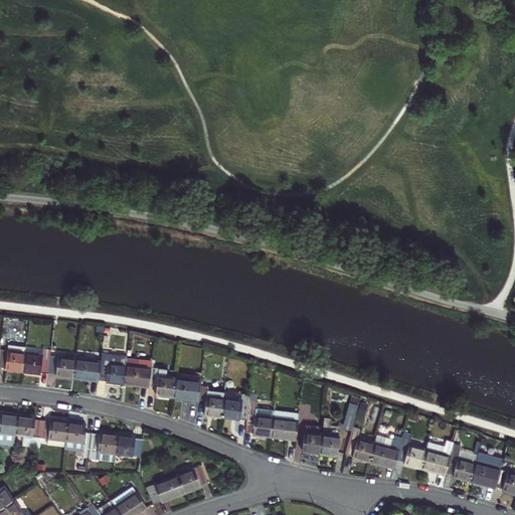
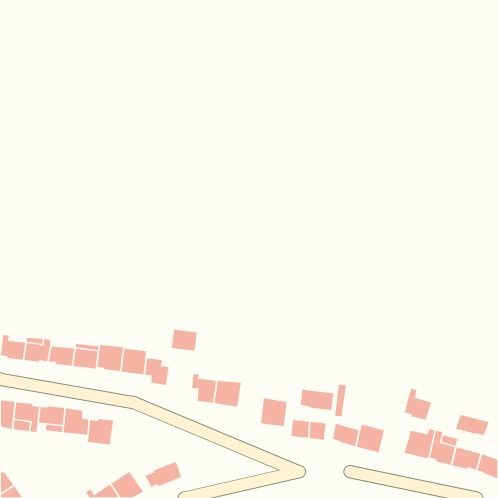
building: [172,378,199,401] -> [171,329,197,351]
building: [244,400,272,438] -> none
building: none -> [300,389,334,411]
building: none -> [455,414,490,436]
building: [115,434,144,457] -> none
building: [393,434,422,468] -> [404,387,432,421]
building: [182,467,211,493] -> none

